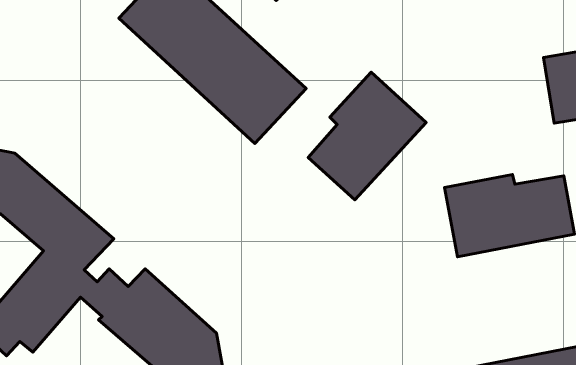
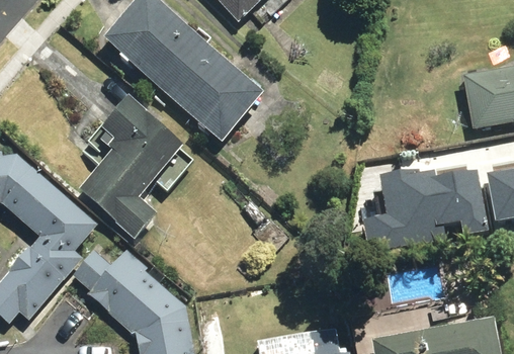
building: [308,72,426,200] -> none
building: none -> [80,94,185,240]

